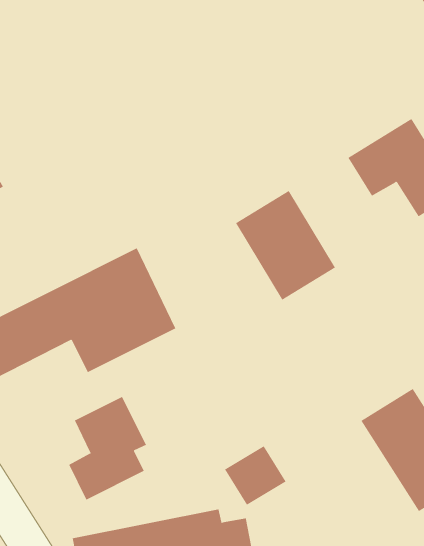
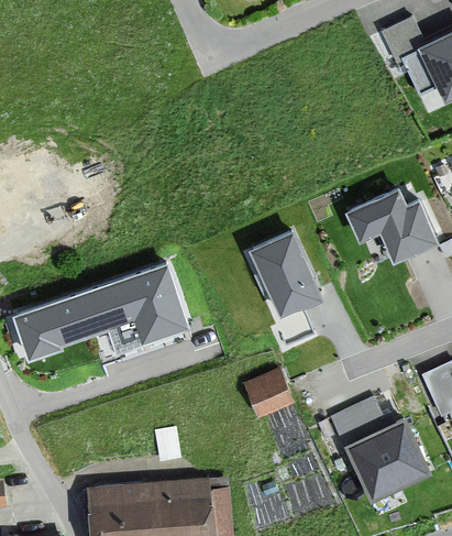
building: [68,396,147,501] -> none
building: [224,445,287,506] -> [244,369,293,415]

